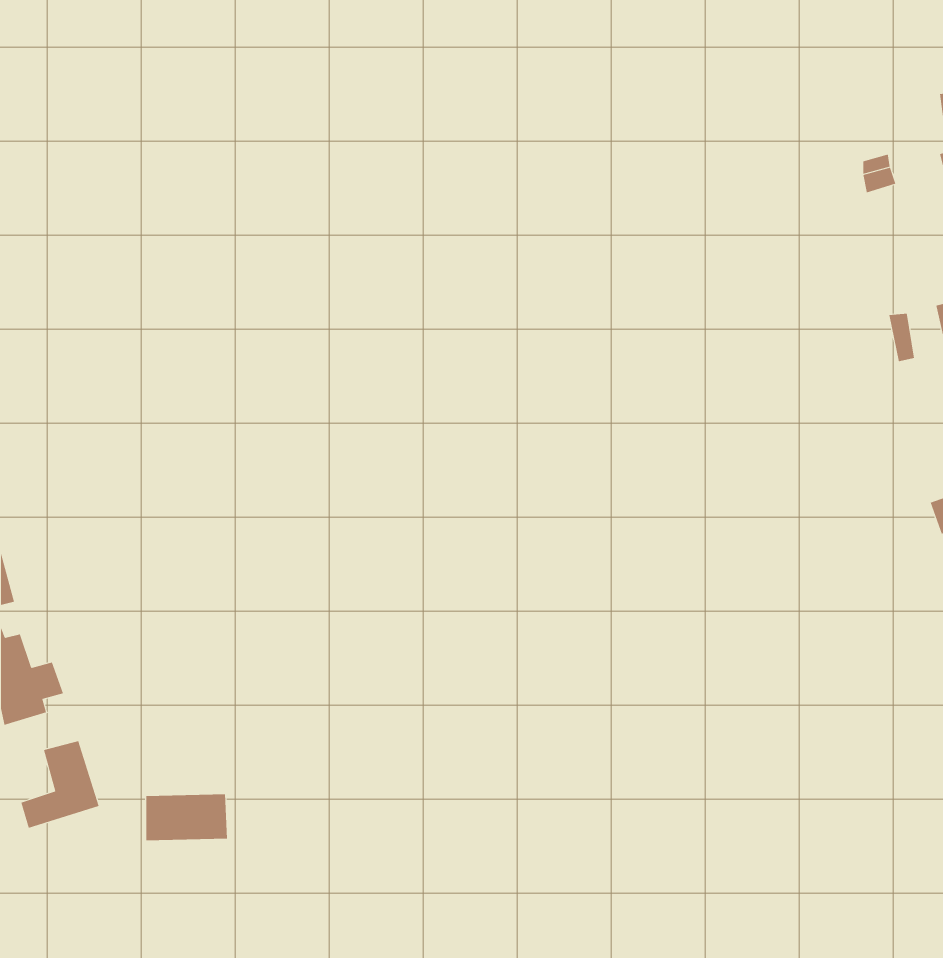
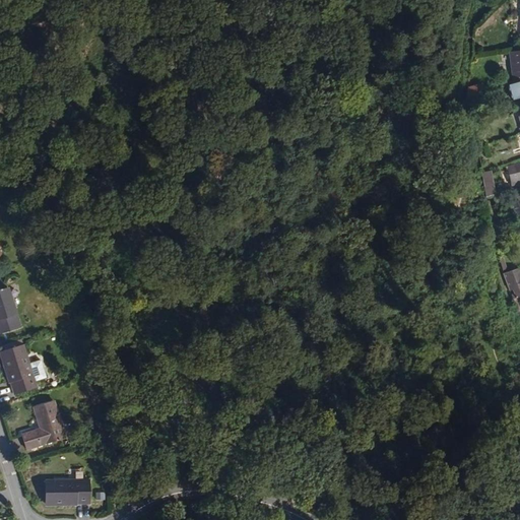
building: [145,794,228,841] -> [43,480,87,506]

